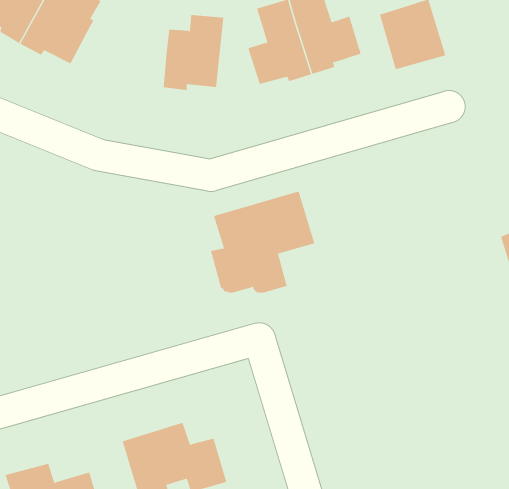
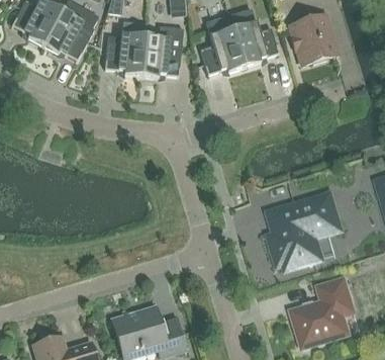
building: none -> [105,22,147,76]
building: [210,191,315,293] -> [269,193,342,264]
building: none -> [291,277,355,347]

